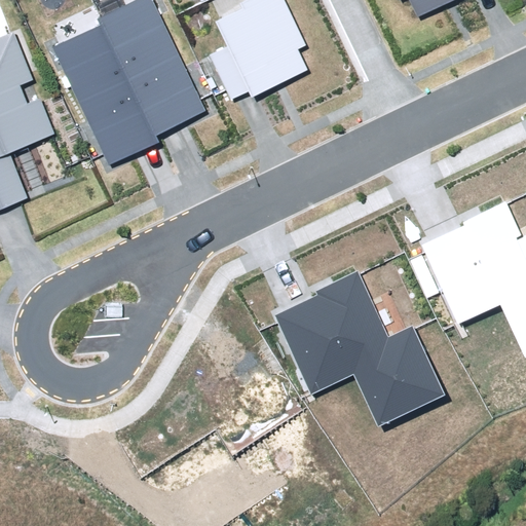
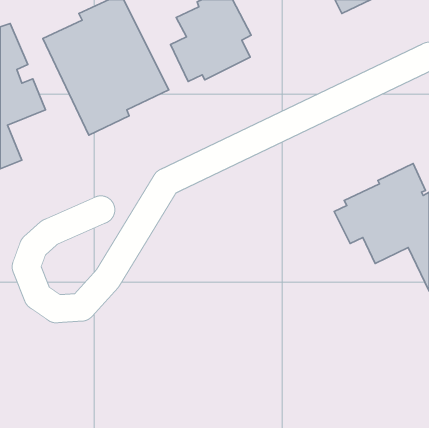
building: [275,269,445,426] -> none

